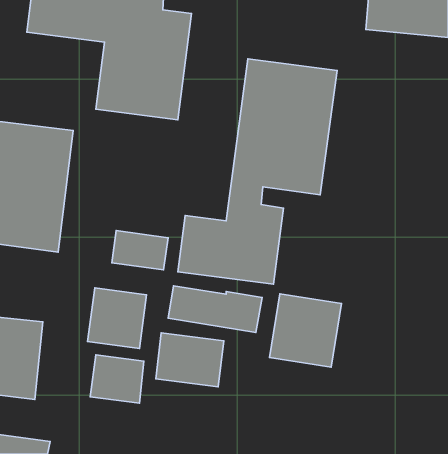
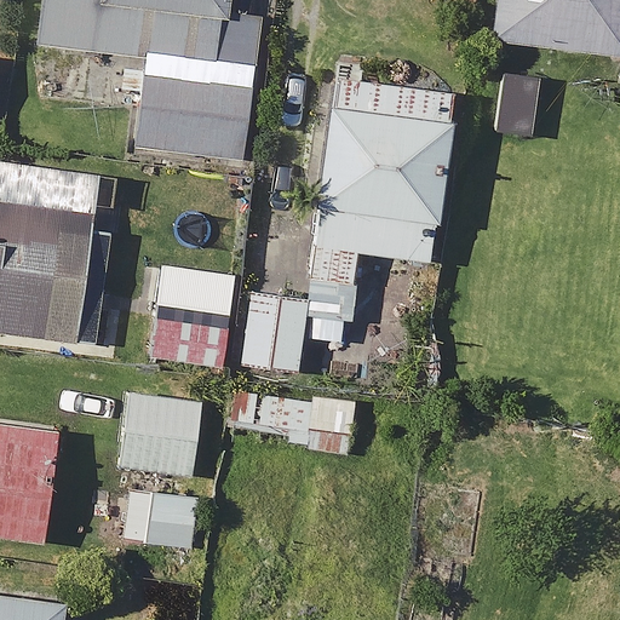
building: [269,294,342,367] -> none
building: [156,333,224,387] -> none

